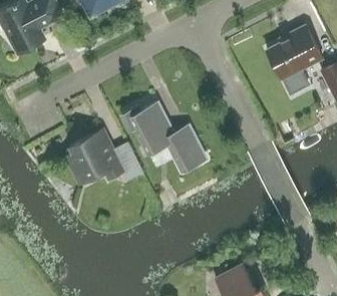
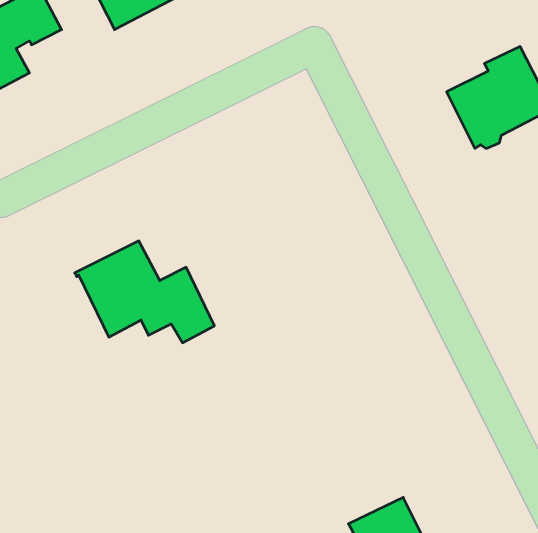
building: [121,101,206,173] -> none

